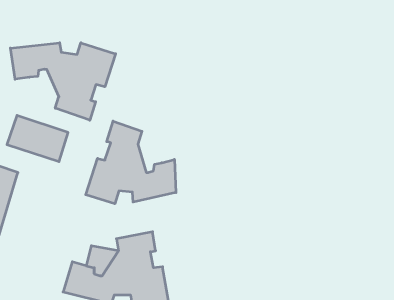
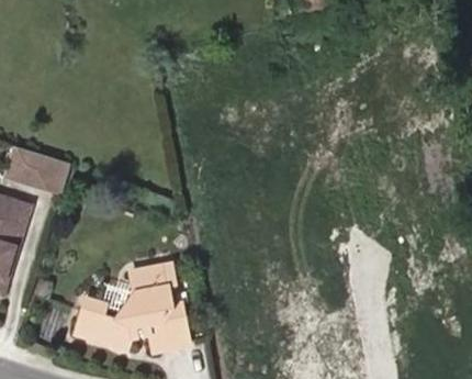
building: [10,43,116,120] -> none
building: [86,121,176,204] -> none

